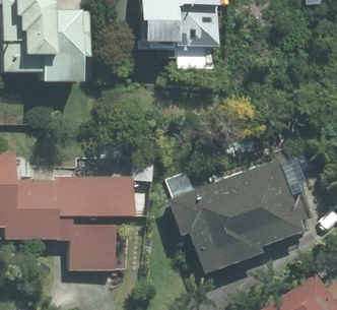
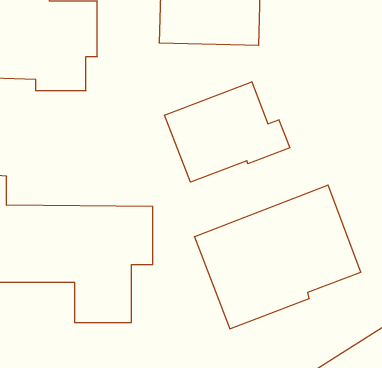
building: none -> [164,82,290,182]

